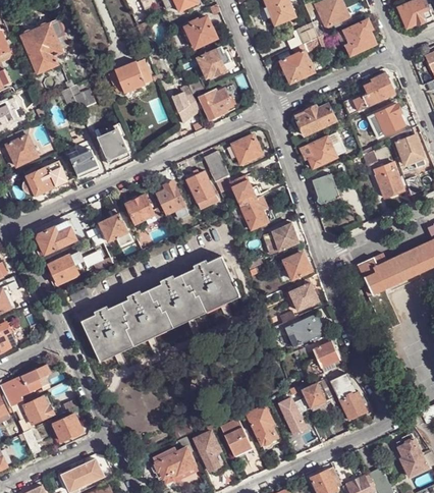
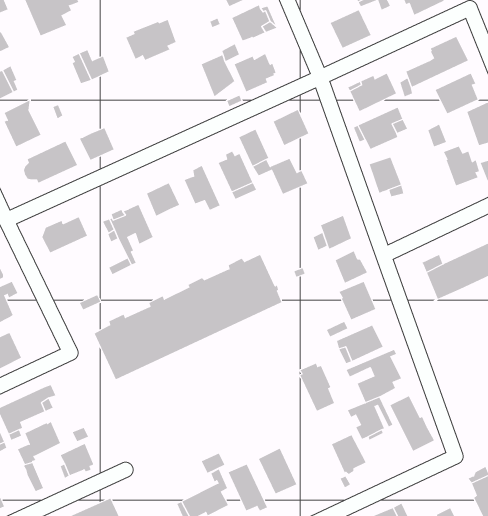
building: [94,129,130,164] -> none
building: [239,197,267,230] -> none
building: [49,250,88,285] -> none
building: [247,403,276,444] -> [299,363,335,412]

